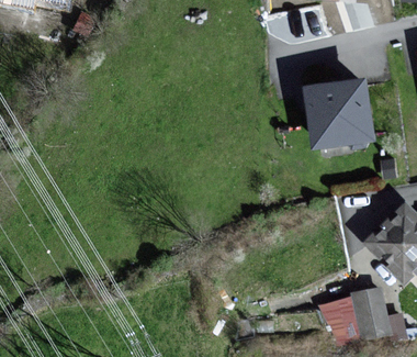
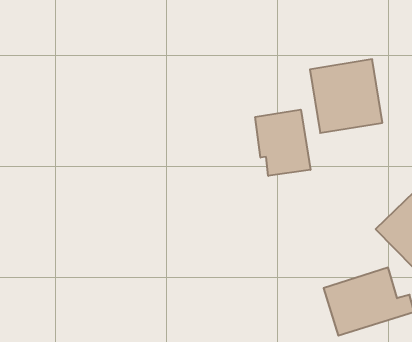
building: none -> [255,110,310,176]

